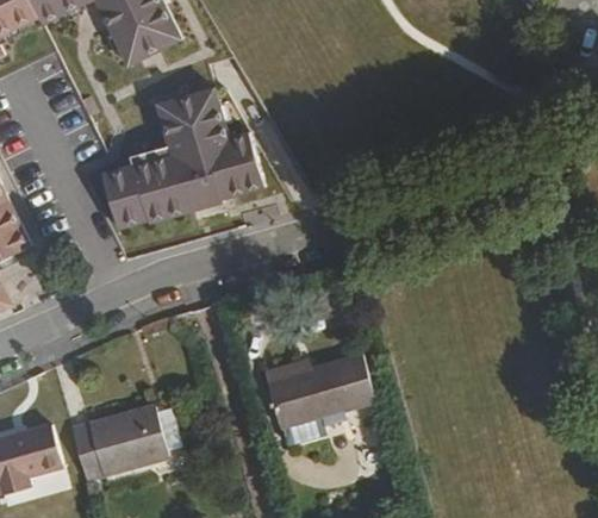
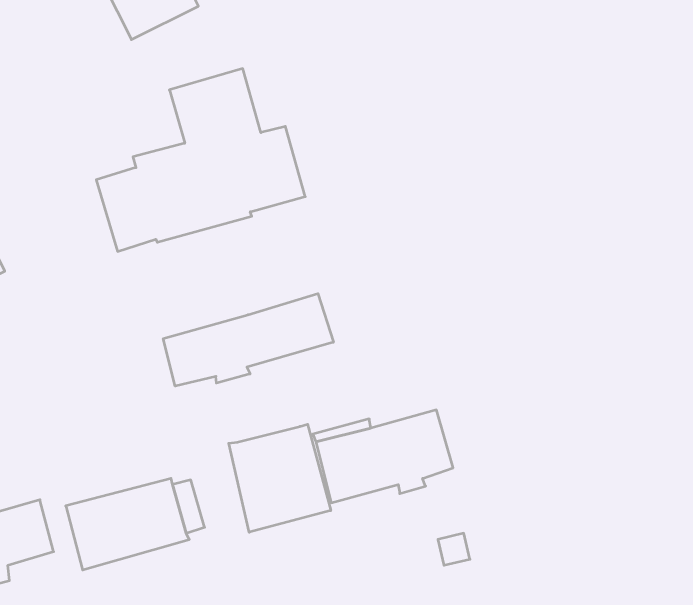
building: none -> [163,294,333,386]
building: none -> [229,424,331,532]

